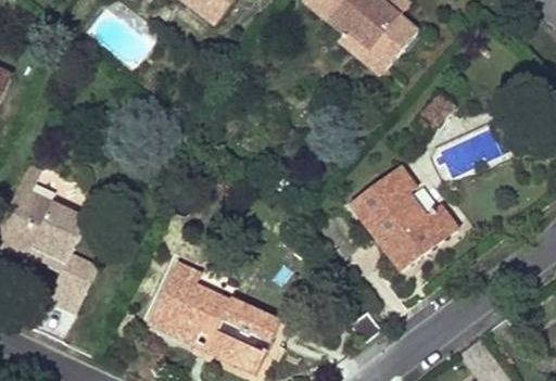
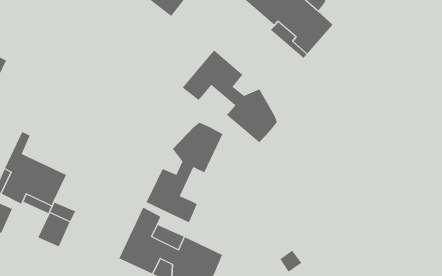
building: none -> [182,50,278,143]
building: none -> [146,122,223,223]
building: [349,165,456,268] -> none

